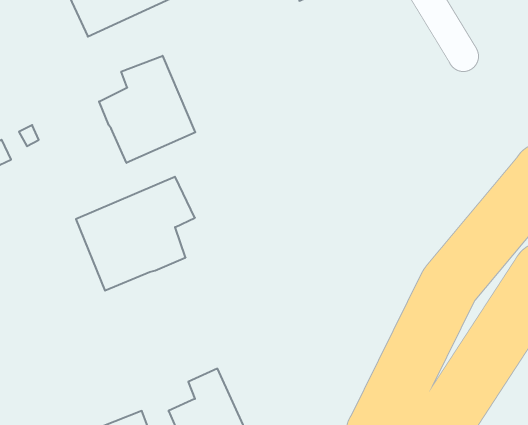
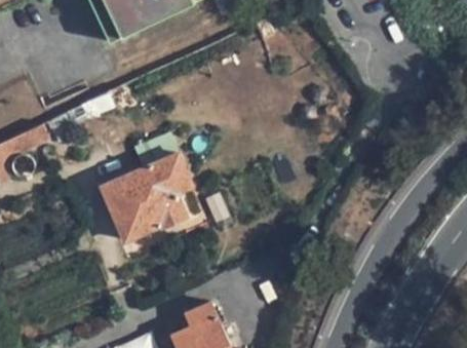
building: [99,56,195,163] -> none

